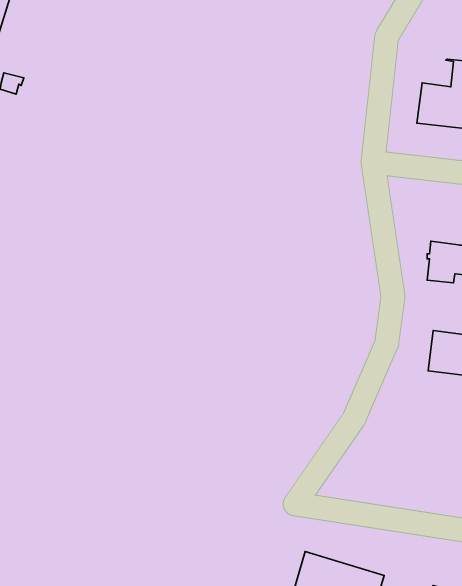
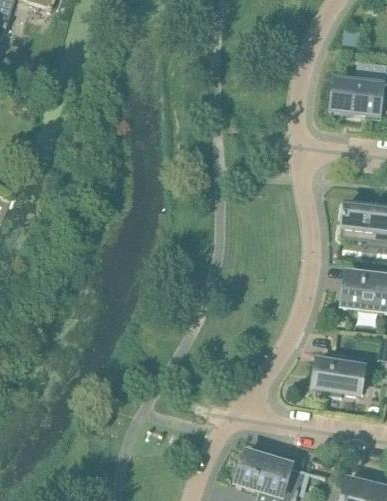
building: none -> [312,352,364,395]

